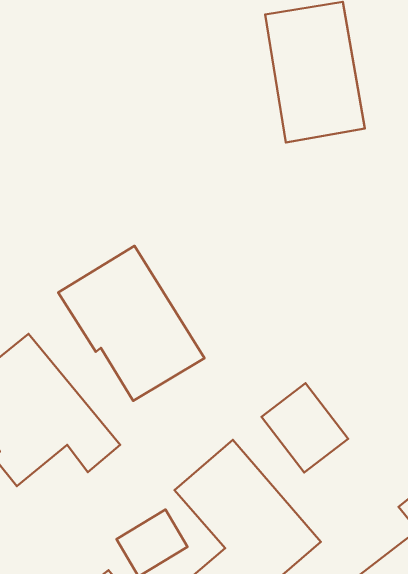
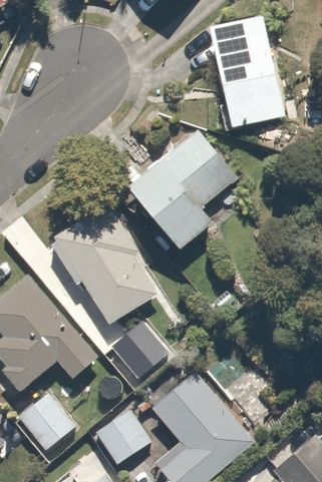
building: none -> [129,131,250,251]
building: [262,383,348,472] -> [105,317,173,386]
building: none -> [18,394,74,450]

